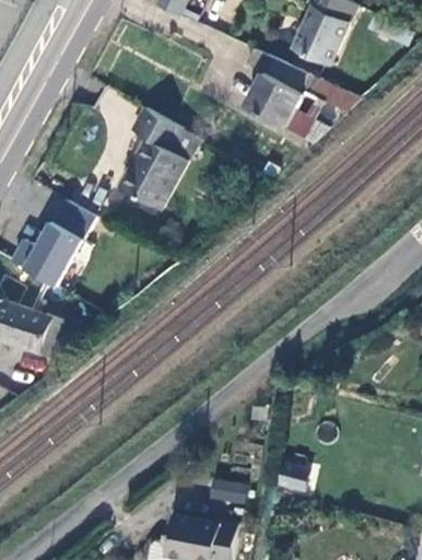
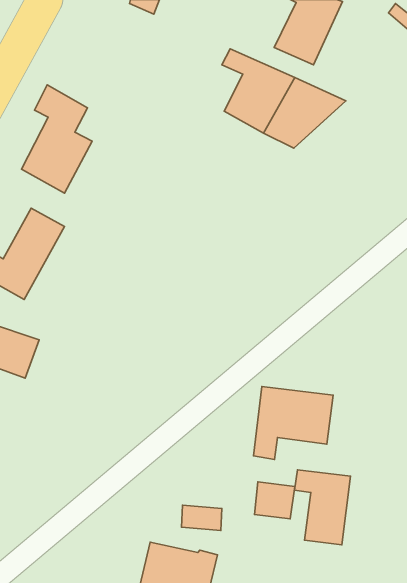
building: [119,107,186,210] -> [22,85,92,193]
building: none -> [253,386,333,459]
building: none -> [294,470,350,545]

